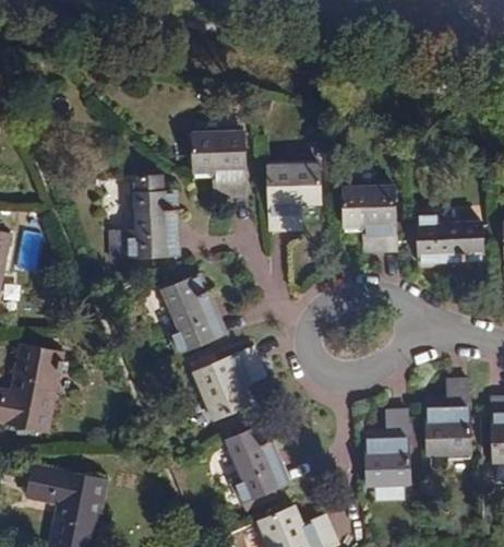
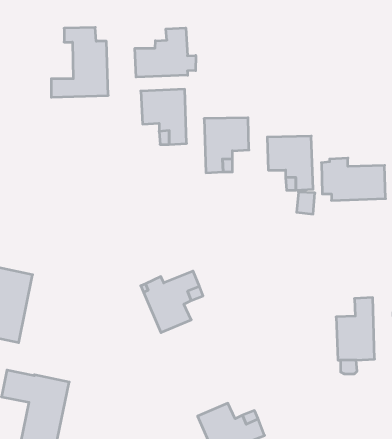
building: none -> [135,28,196,77]
building: [109,175,177,258] -> [51,27,108,97]
building: [161,274,224,353] -> none
building: [364,409,410,485] -> none
building: [225,424,287,502] -> none

